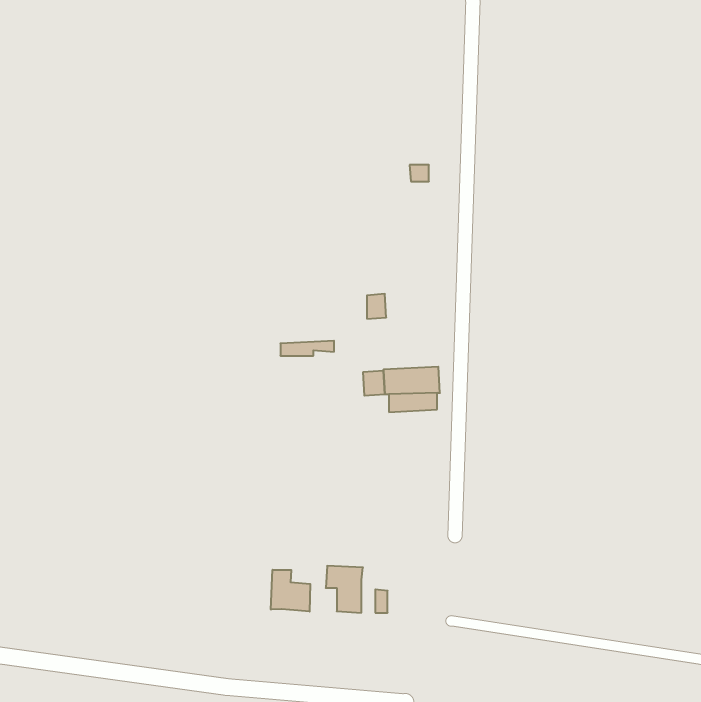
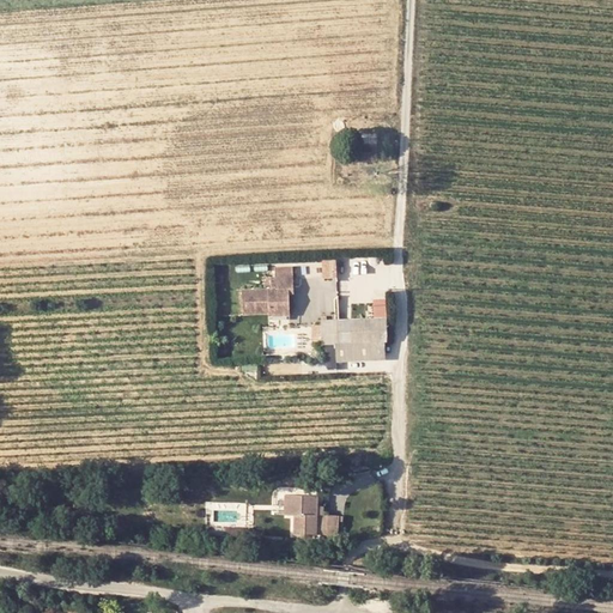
building: none -> [243,275,296,299]
building: [271,570,310,612] -> none

